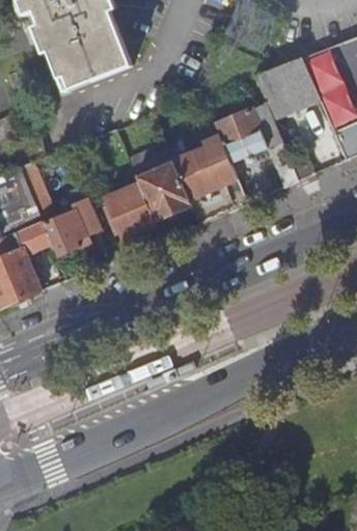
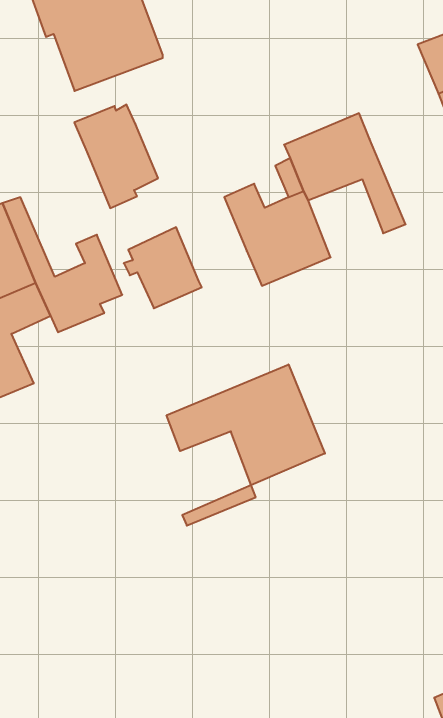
building: [254,58,320,121] -> none
building: [130,148,188,220] -> [74,105,158,208]
building: none -> [167,364,325,485]

